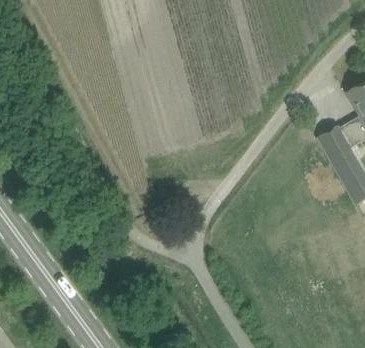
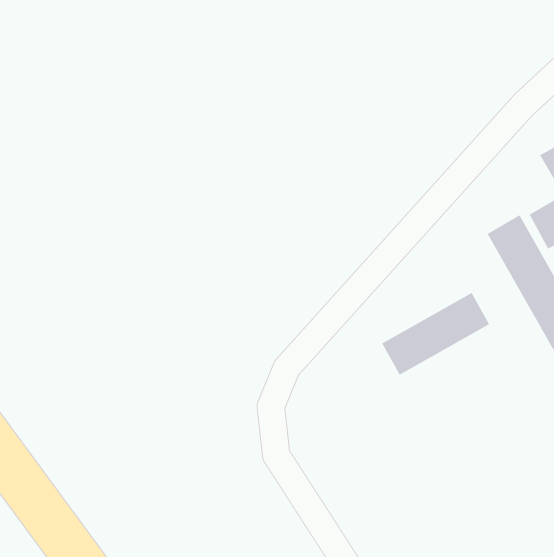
building: none -> [382,292,490,375]

